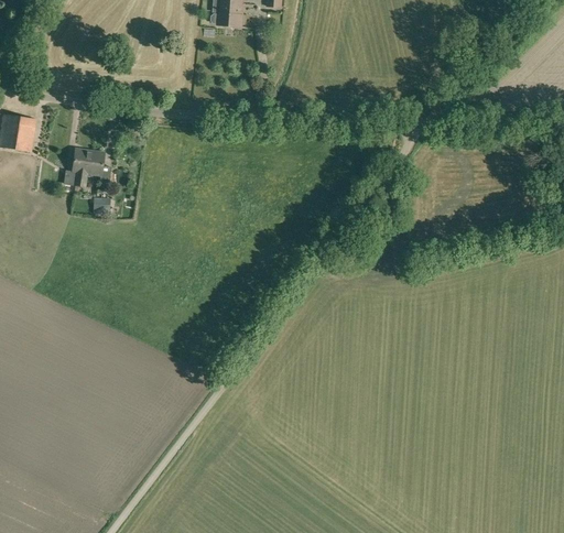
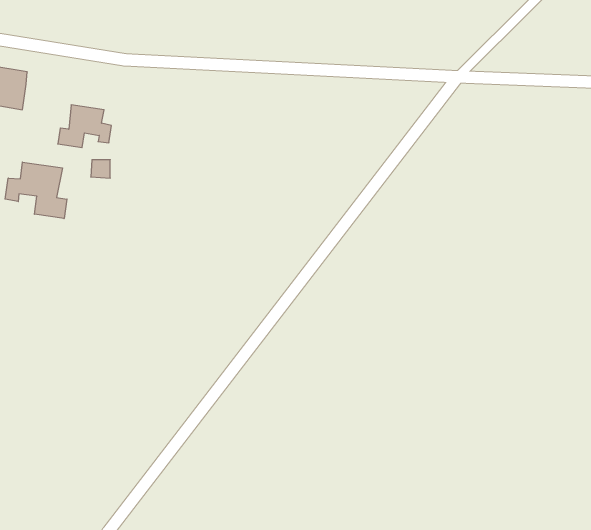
building: none -> [5,162,67,219]

